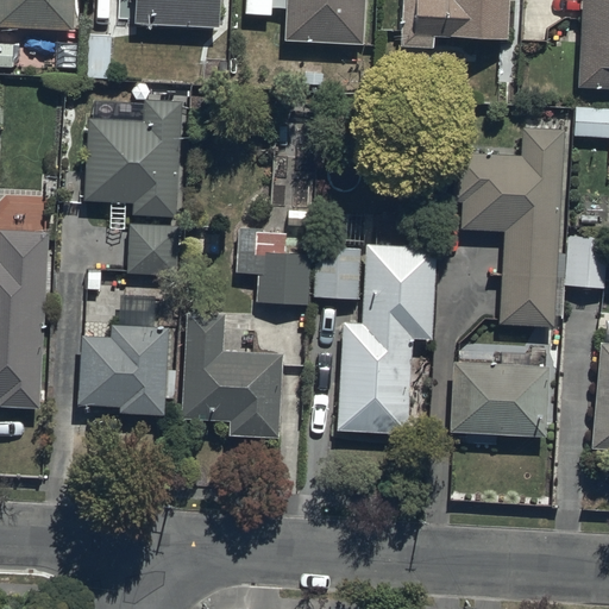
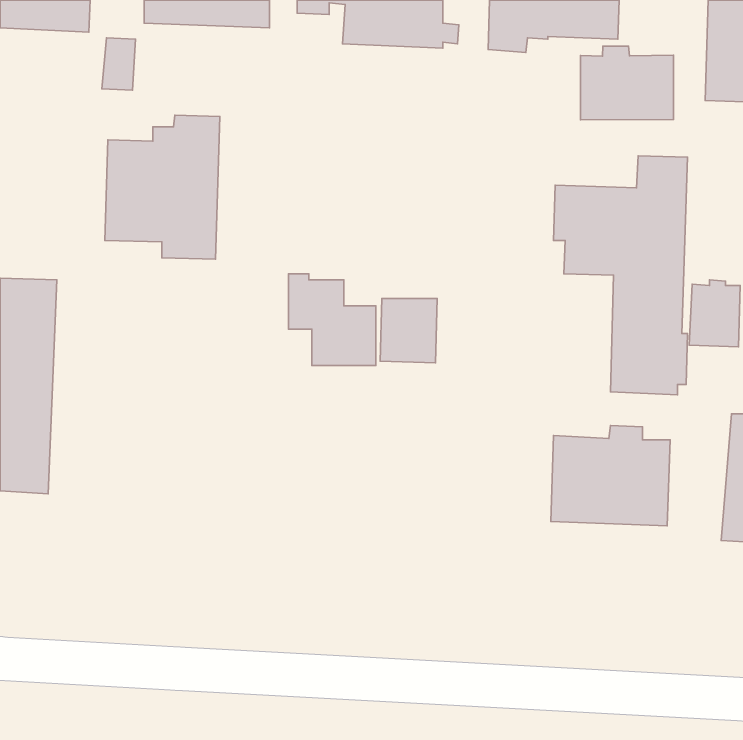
building: none -> [581,46,674,120]
building: [128,224,180,276] -> none
building: [337,243,434,431] -> none
building: [80,295,168,413] -> none
building: [182,310,281,435] -> none

